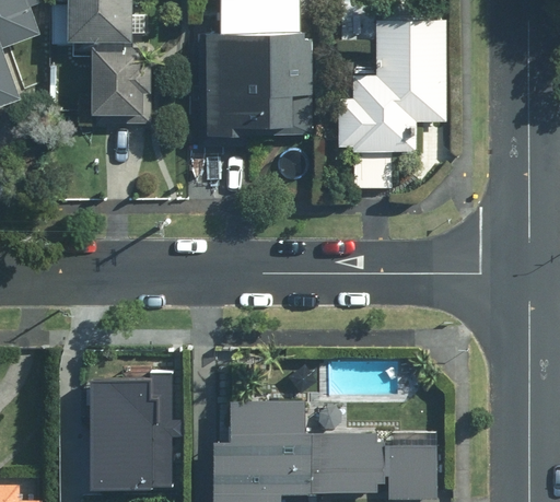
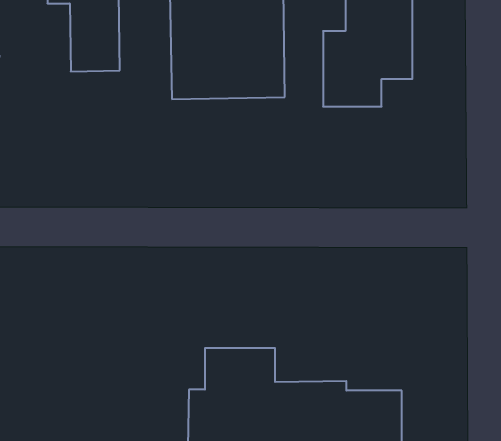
building: [97,363,177,479] -> none

